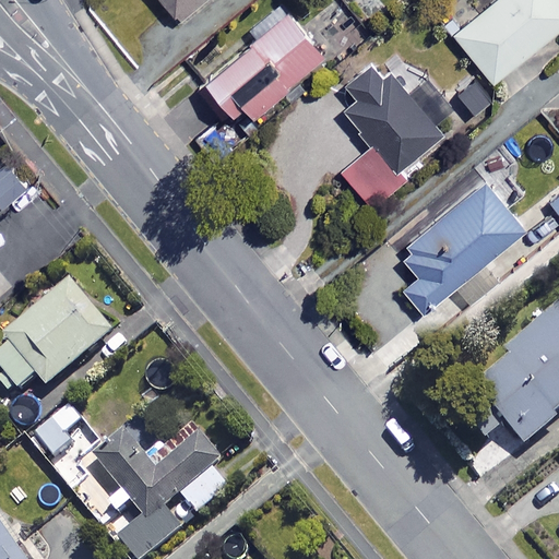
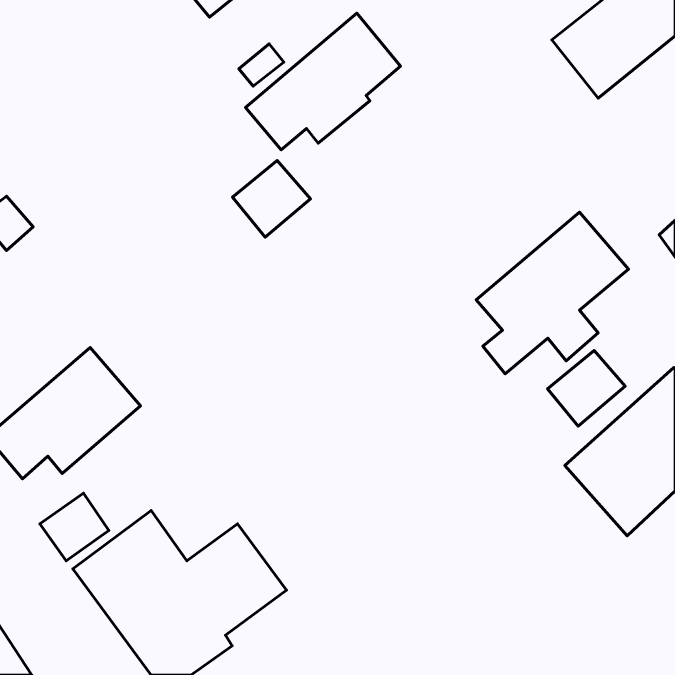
building: [335,61,457,209] -> none
building: none -> [232,160,310,237]
building: none -> [547,350,625,426]

